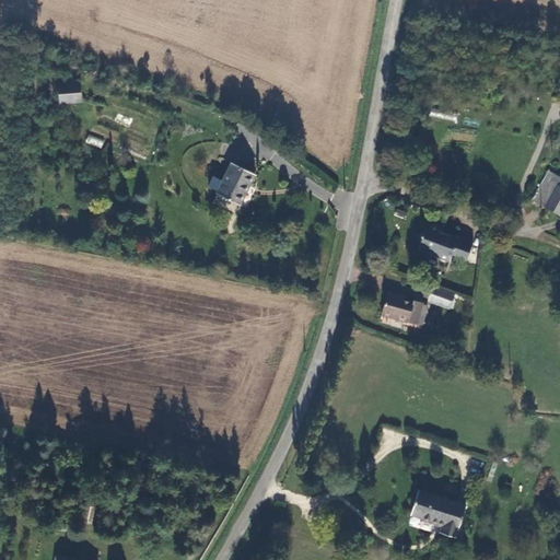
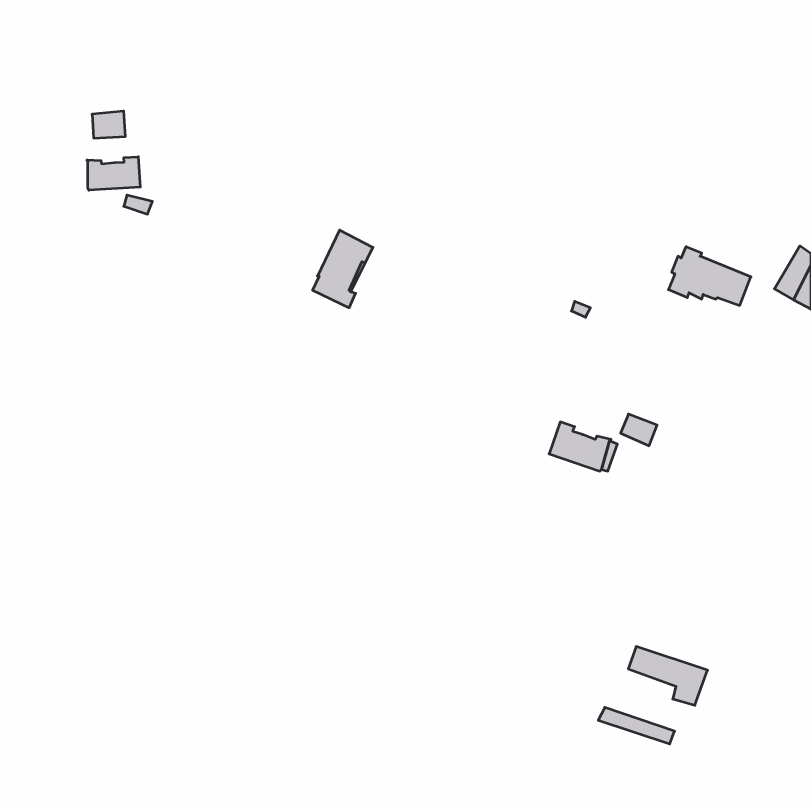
building: none -> [87,157,140,190]
building: [418,222,475,262] -> [668,247,751,305]
building: [407,498,462,538] -> [628,647,708,705]

